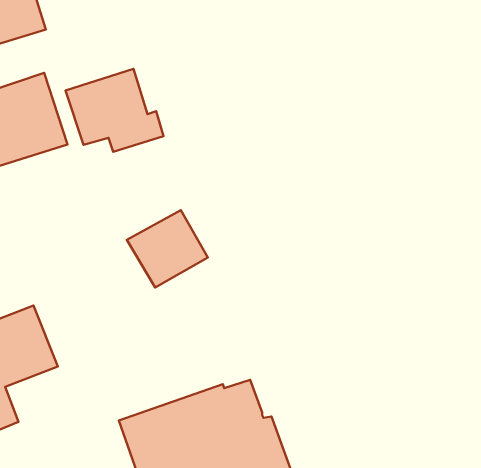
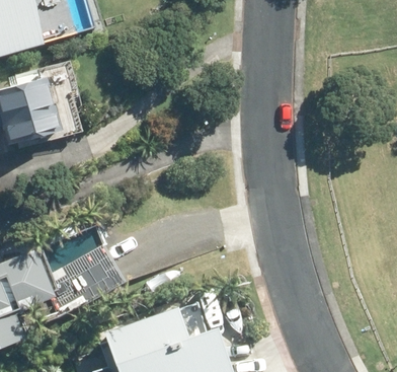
building: [66,69,163,152] -> none
building: [127,210,208,287] -> [64,245,125,303]

